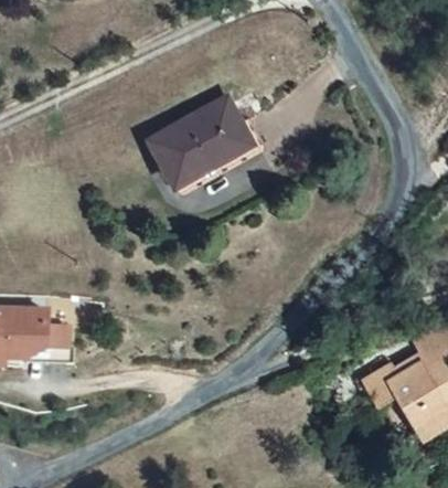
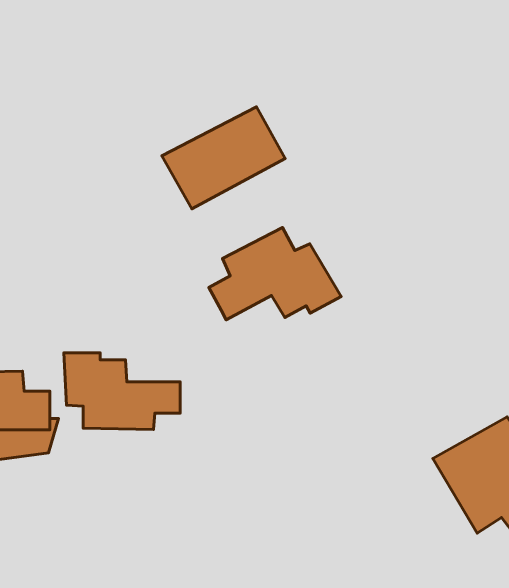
building: none -> [209,228,341,320]
building: none -> [64,353,180,429]

